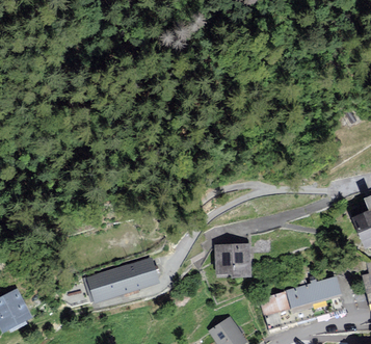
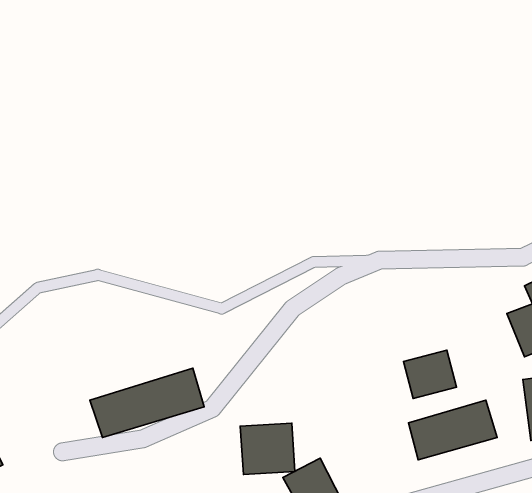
building: [217,242,253,275] -> [240,423,295,475]
building: [262,292,296,323] -> [403,350,457,398]

